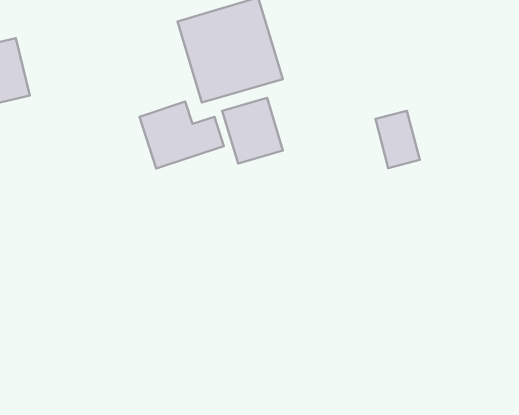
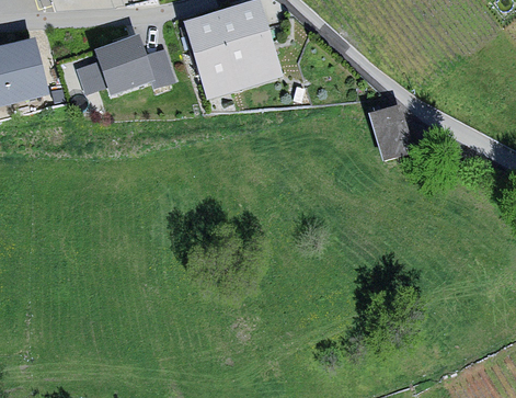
building: [222,98,283,163] -> none
building: [140,102,224,168] -> [95,35,174,98]

